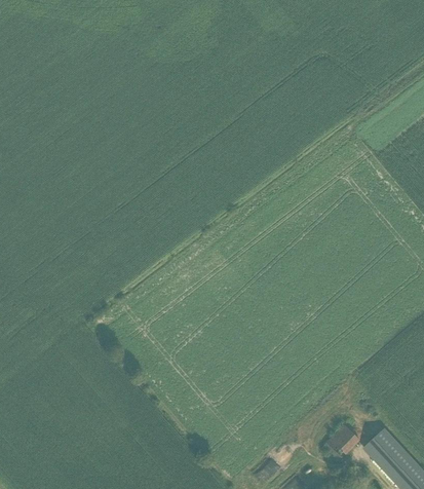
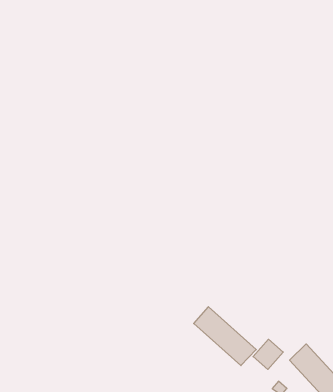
building: none -> [194,307,256,366]

